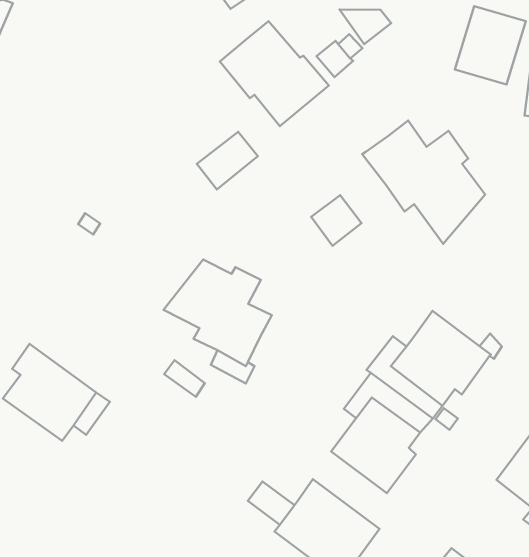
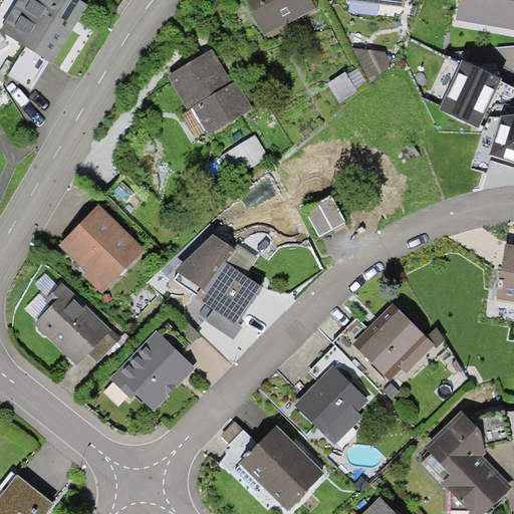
building: [220,21,329,126] -> [168,49,253,136]
building: [362,121,485,244] -> none
building: none -> [59,204,145,293]
building: none -> [110,330,196,411]

